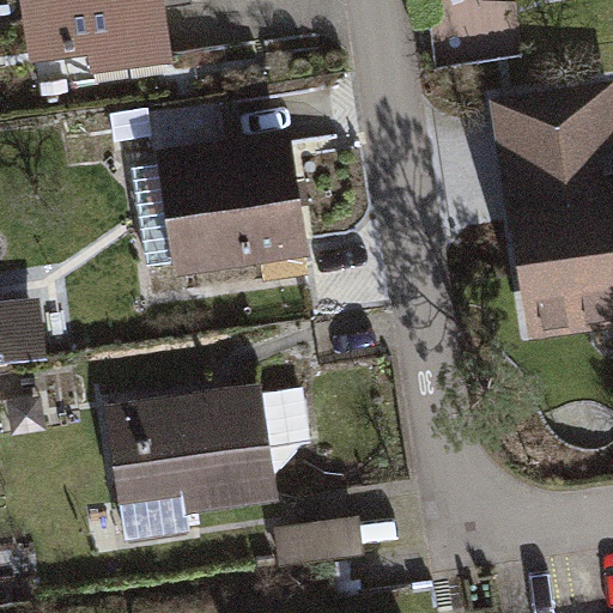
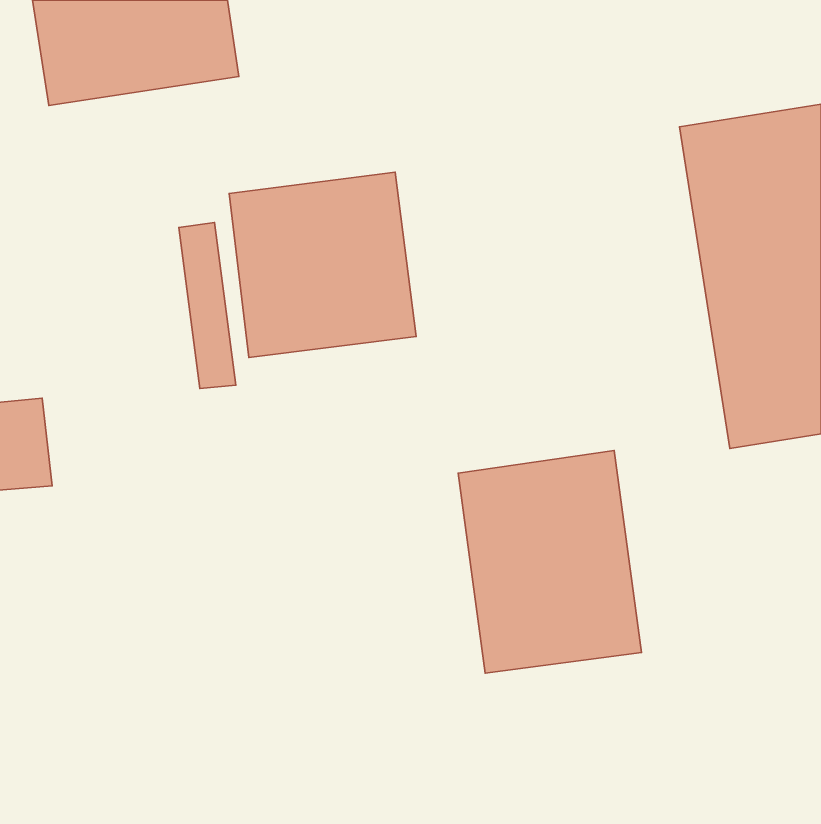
building: none -> [458,451,642,673]
building: [109,380,275,542] -> none

